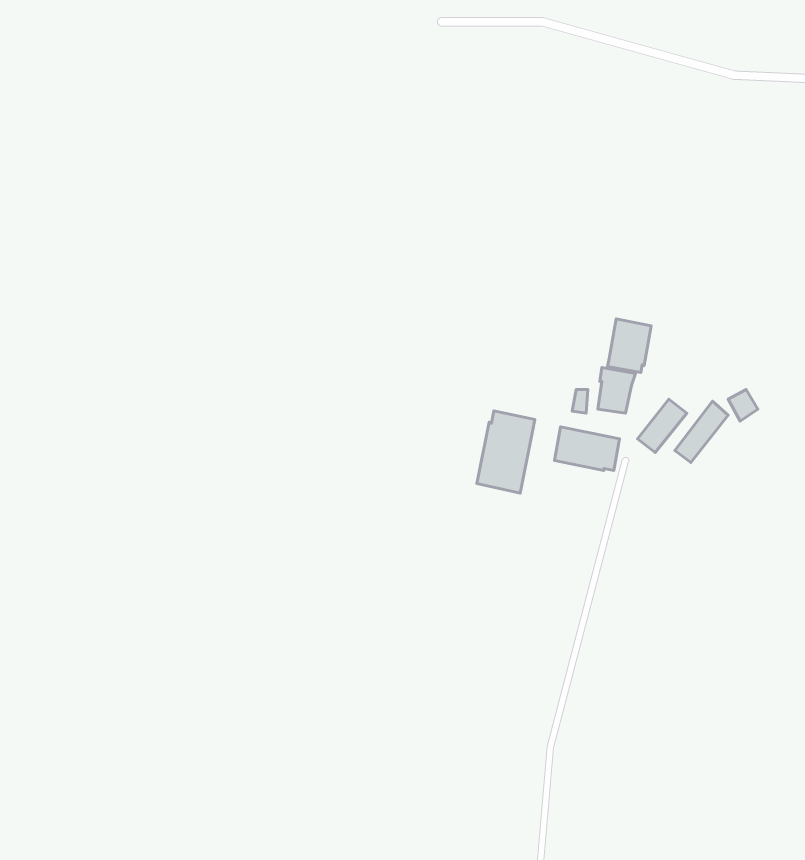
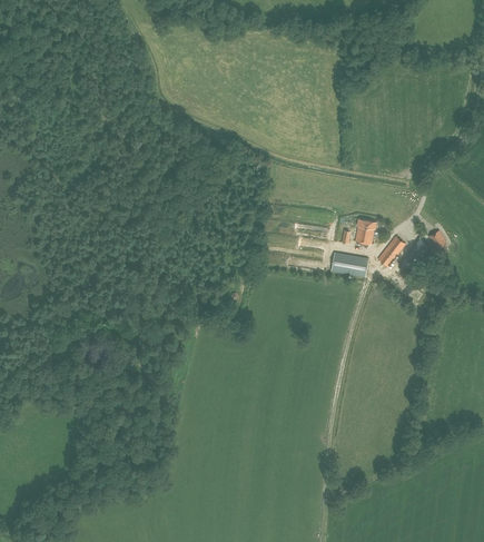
building: [608,319,651,373] -> none
building: [477,411,535,493] -> none

